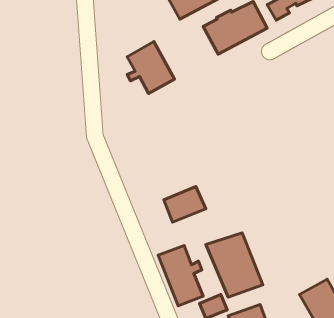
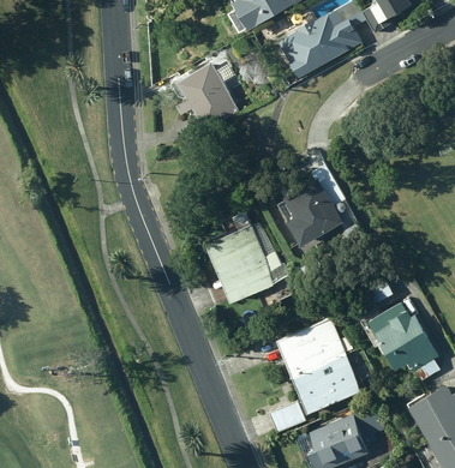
building: none -> [283,173,341,241]
building: none -> [209,221,277,274]
building: none -> [369,299,436,366]
building: [158,245,203,306] -> none

